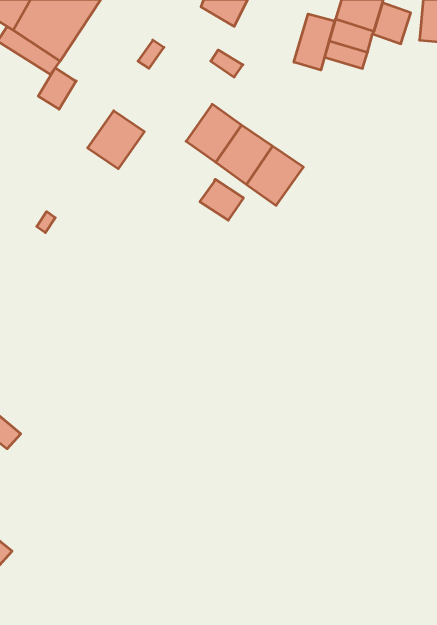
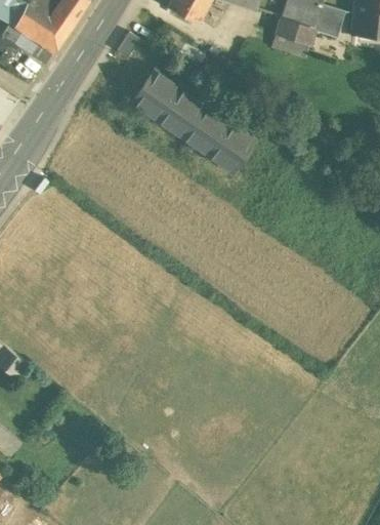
building: [294,14,334,70] -> none
building: [38,68,76,109] -> none
building: [88,111,144,169] -> [131,71,178,119]
building: [200,179,243,220] -> none

